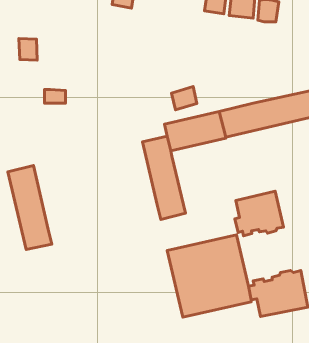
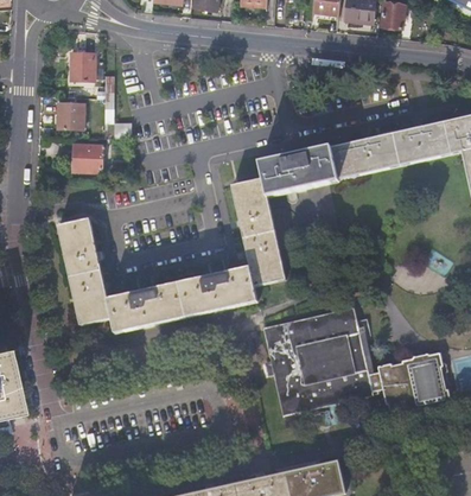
building: none -> [57,102,82,127]
building: [172,87,197,110] -> none
building: none -> [72,141,102,168]
building: [235,191,283,236] -> none
building: none -> [108,267,256,330]

